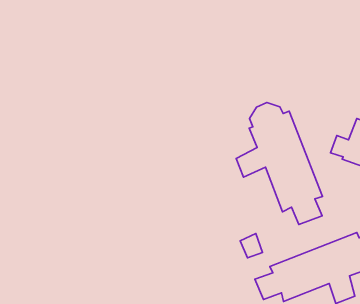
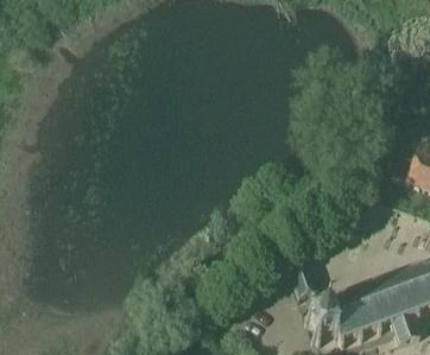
building: [236,103,323,225] -> none

